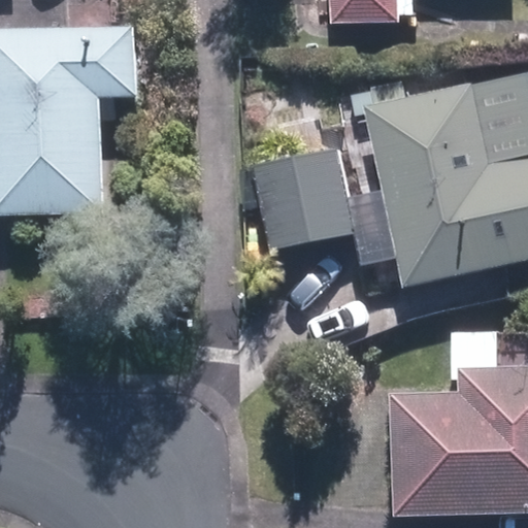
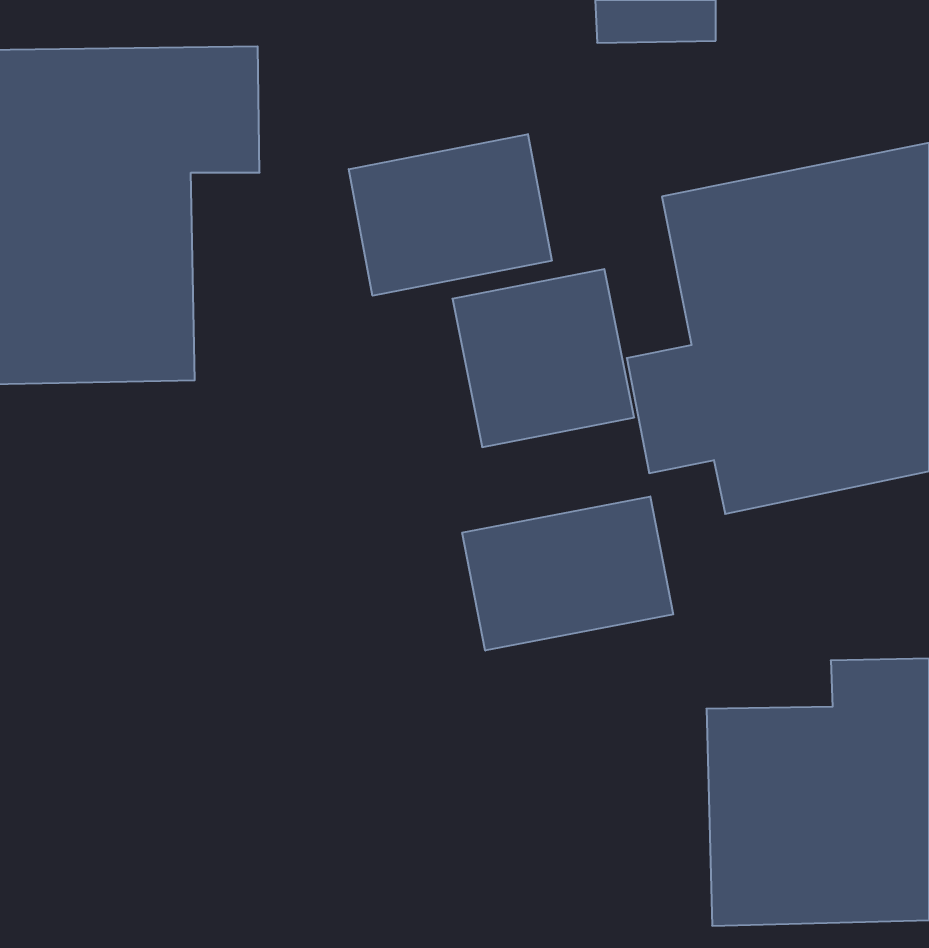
building: none -> [349,134,552,296]
building: none -> [462,496,673,651]

